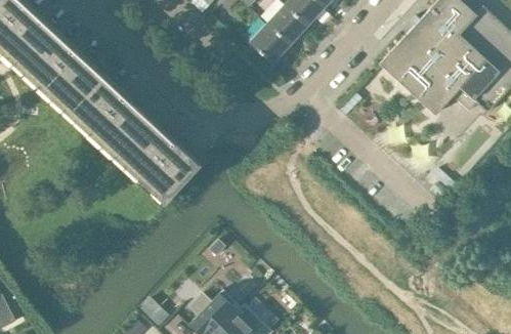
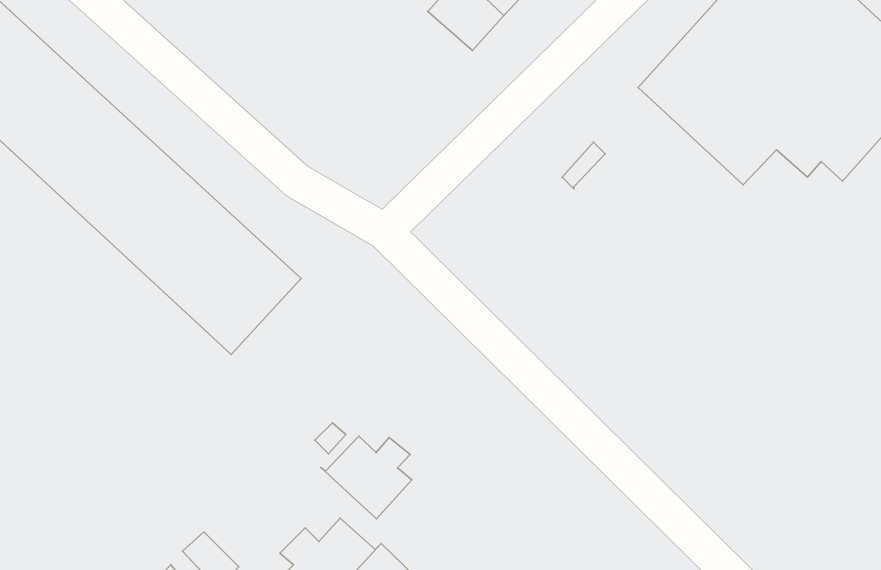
building: [251,24,292,64] -> none
building: none -> [321,436,412,519]

